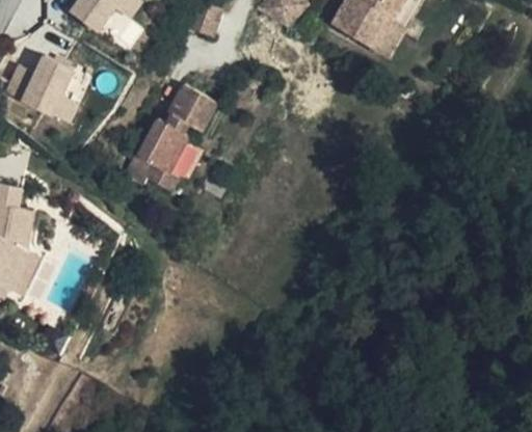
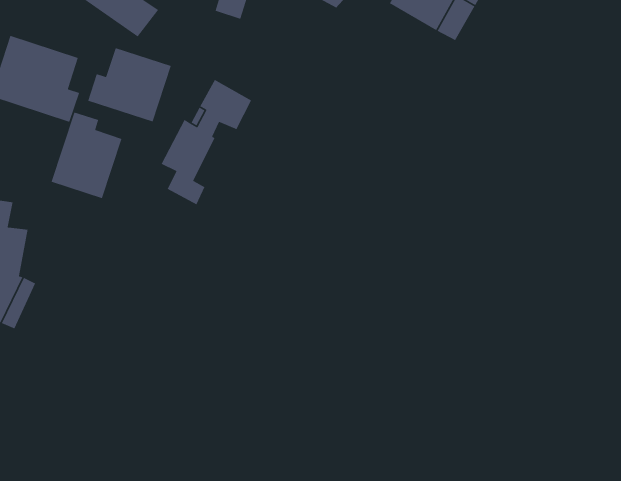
building: none -> [87,47,172,123]
building: none -> [51,111,122,199]

